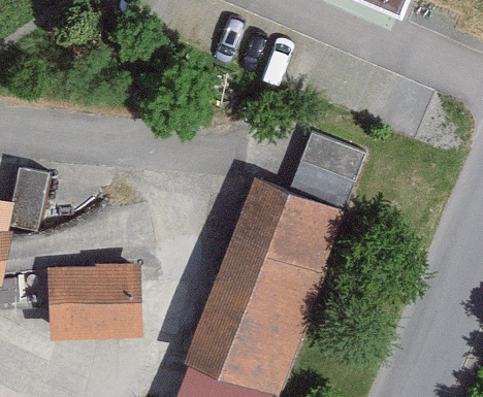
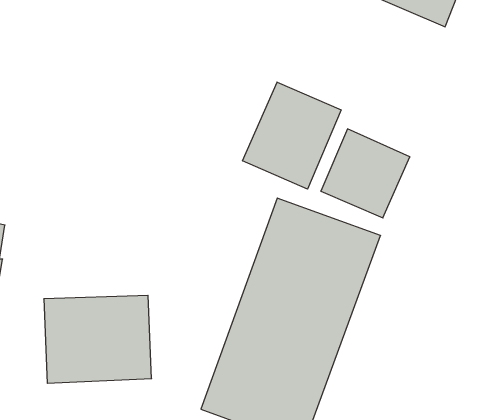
building: none -> [243,82,341,189]

